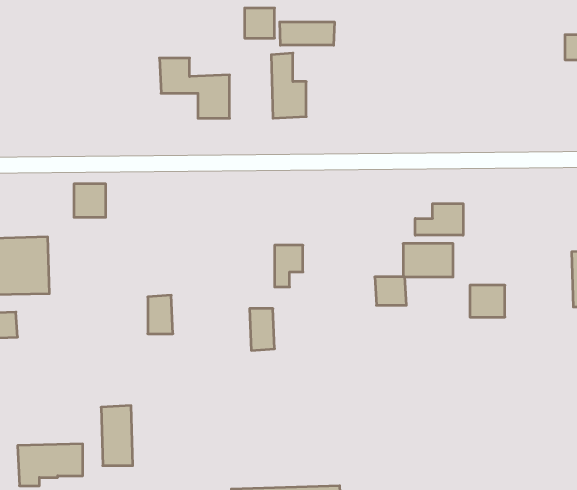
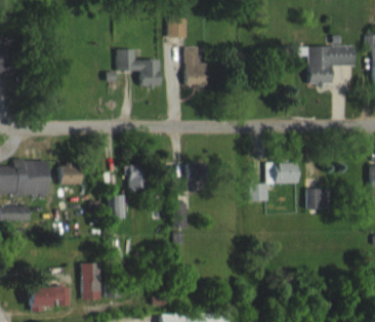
building: [280,22,334,45] -> none
building: none -> [307,46,353,85]
building: [74,184,106,217] -> [61,164,81,185]
building: [415,204,463,235] -> none
building: none -> [125,165,147,188]

